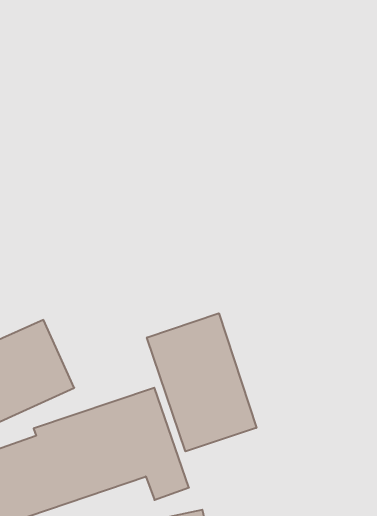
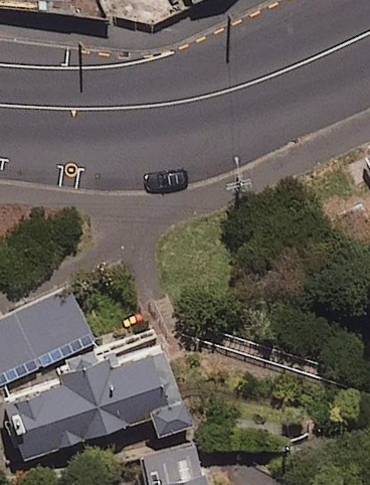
building: [147,313,256,451] -> none

